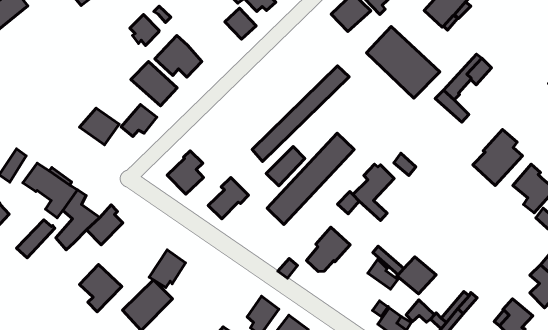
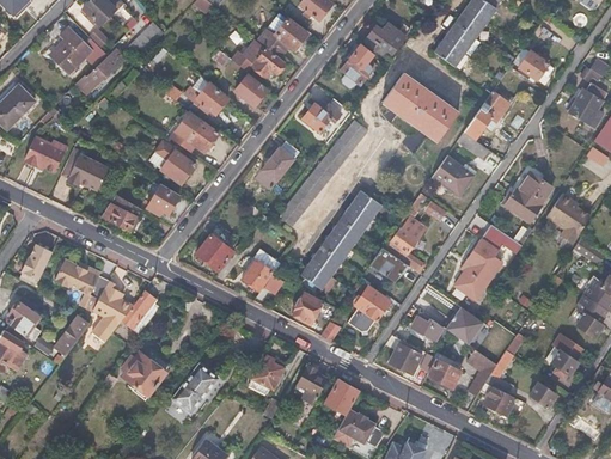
building: [130,14,159,45] -> [196,82,226,114]
building: none -> [518,49,554,78]
building: none -> [24,136,65,172]
building: none -> [303,99,350,133]
building: none -> [61,149,108,194]
building: none -> [433,155,473,195]
building: [266,146,305,186] -> [262,140,299,182]
building: none -> [454,224,521,300]
building: none -> [294,290,323,324]
building: [149,250,185,288] -> [248,356,282,394]
building: none -> [389,343,421,375]

